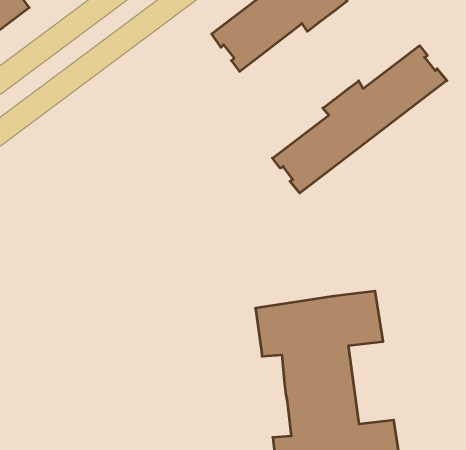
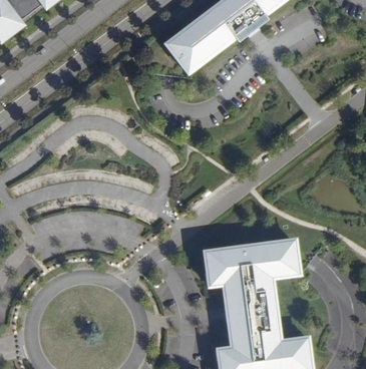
building: [272,46,447,193] -> none

